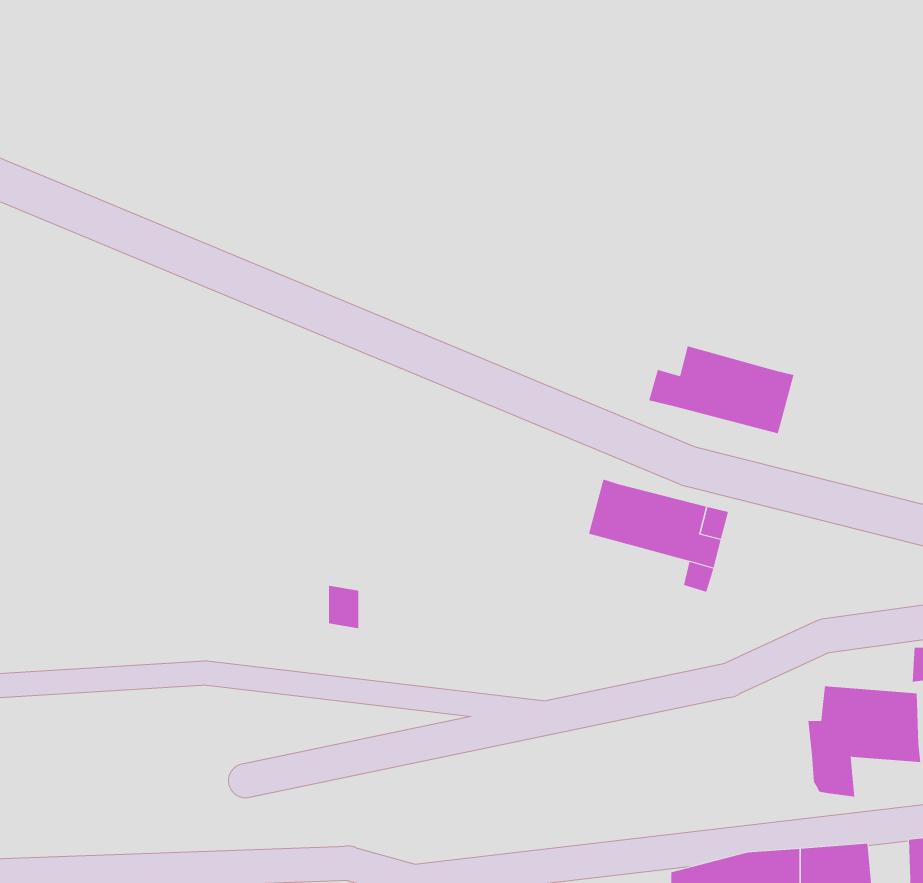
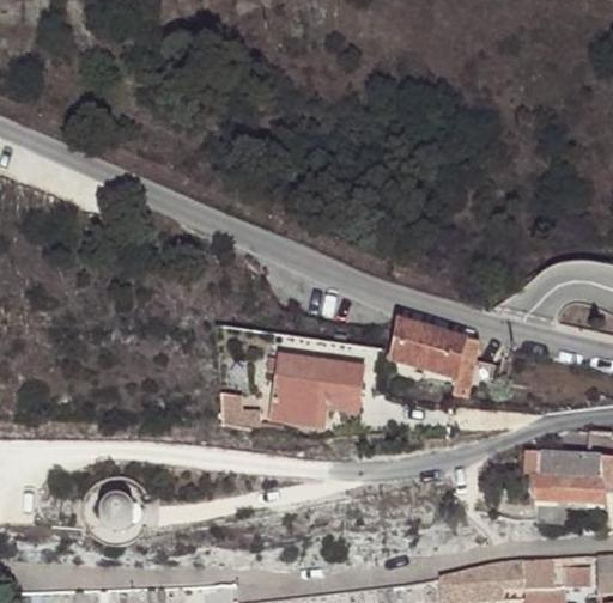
building: [649,346,794,434] -> none
building: none -> [274,354,365,422]

